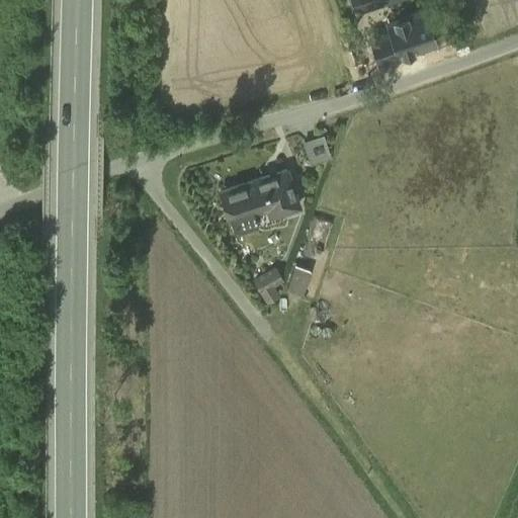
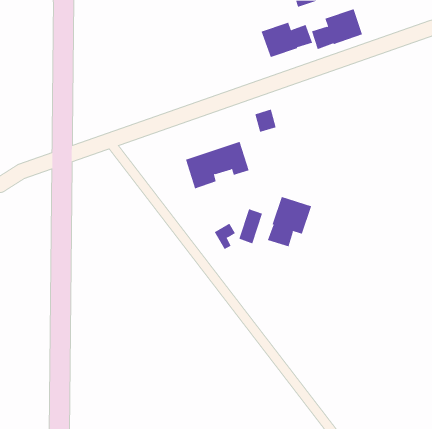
building: none -> [261,22,313,58]
building: none -> [267,196,312,247]

